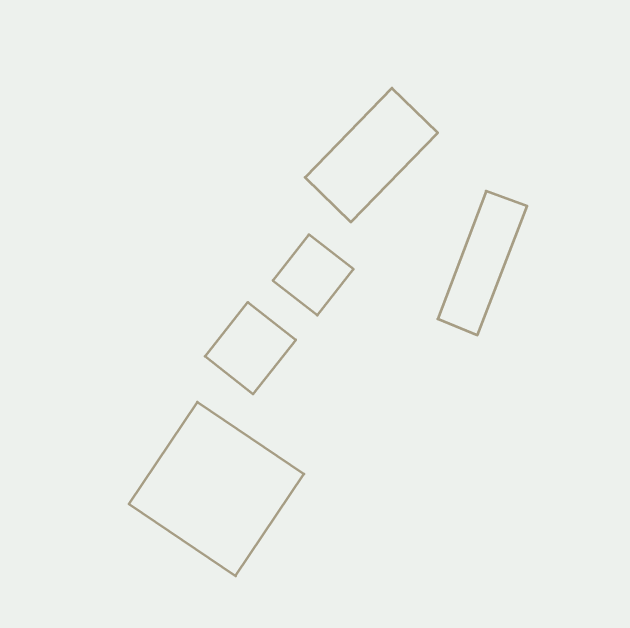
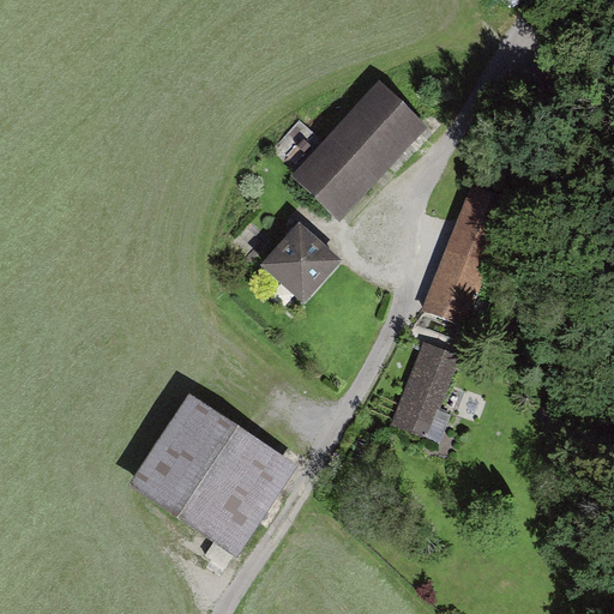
building: [205,302,296,394] -> none
building: none -> [391,341,458,435]

